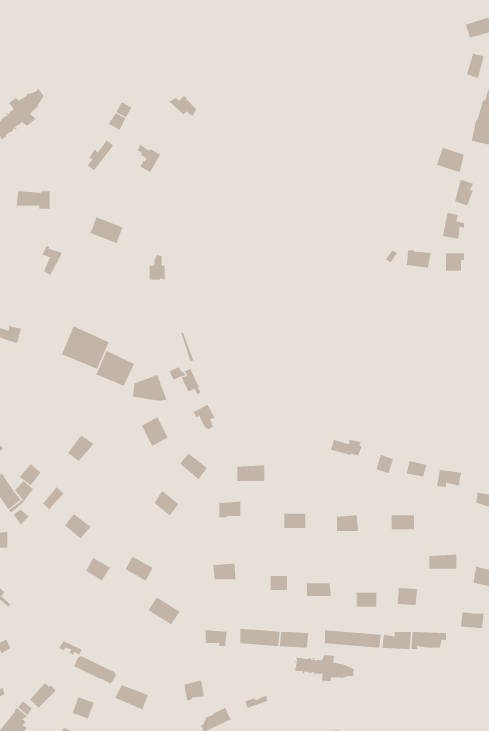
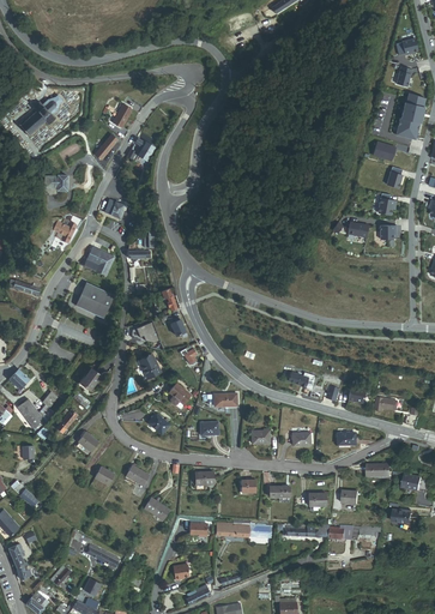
building: [96,350,135,387] -> [83,246,114,275]
building: [293,653,354,682] -> none

